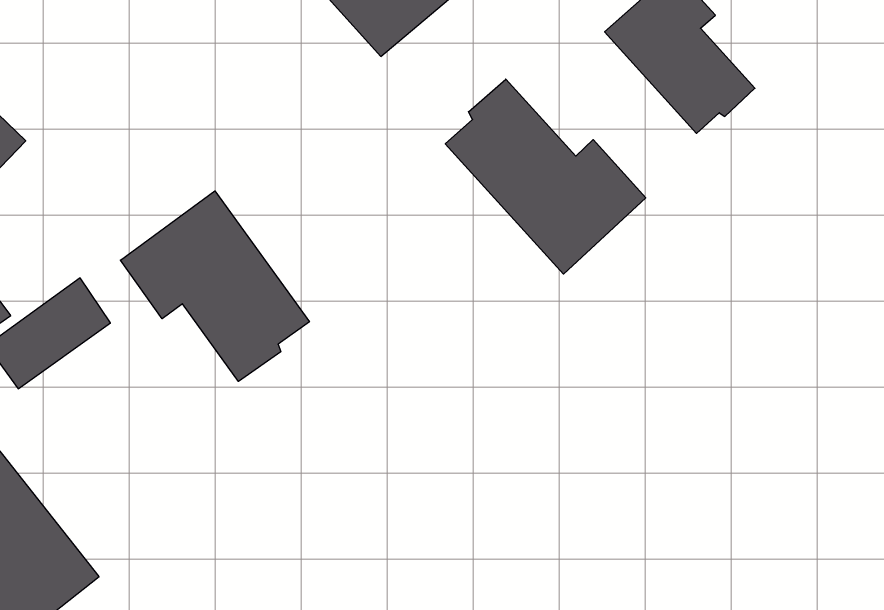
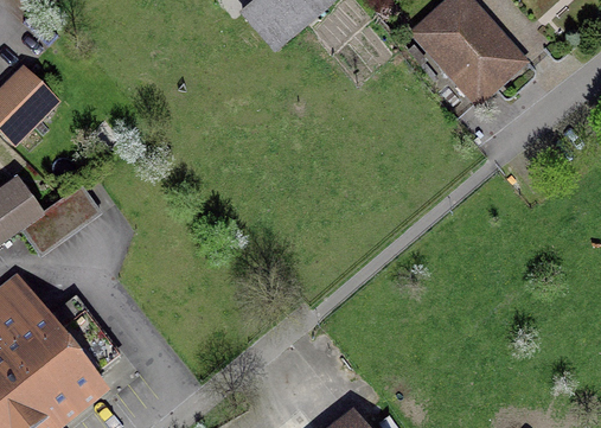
building: [445,79,646,274] -> none
building: [120,191,309,381] -> none

